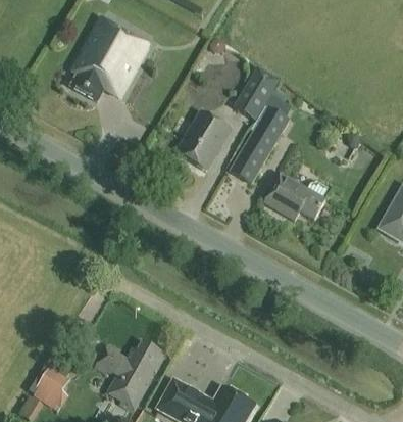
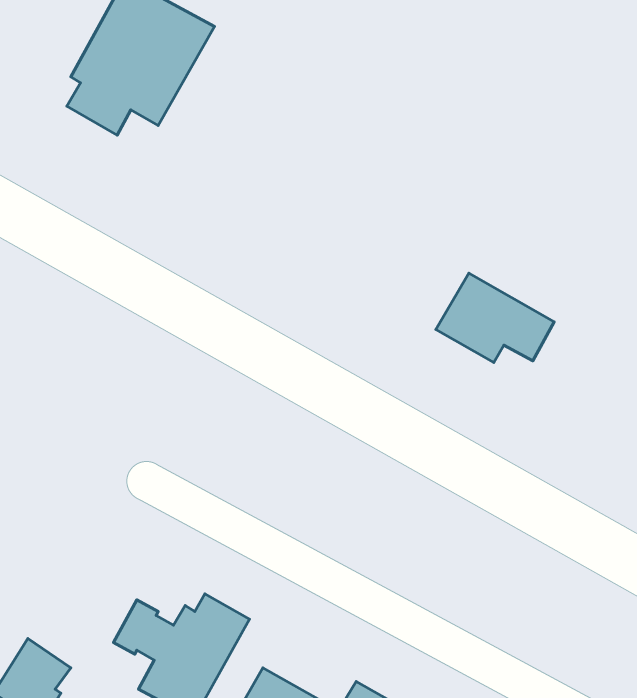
building: [232,66,279,121] -> none
building: [229,106,290,184] -> none
building: [175,111,230,170] -> none

